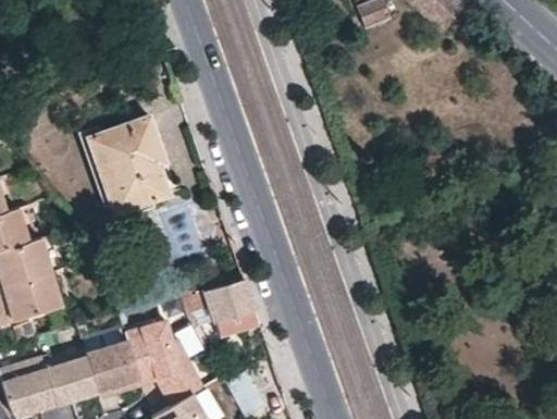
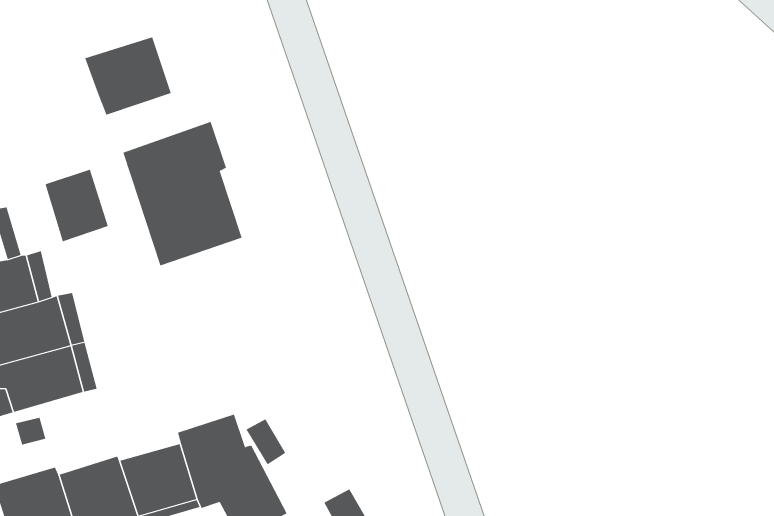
building: none -> [85,36,172,115]
building: none -> [45,169,109,242]
building: [178,280,258,335] -> none

